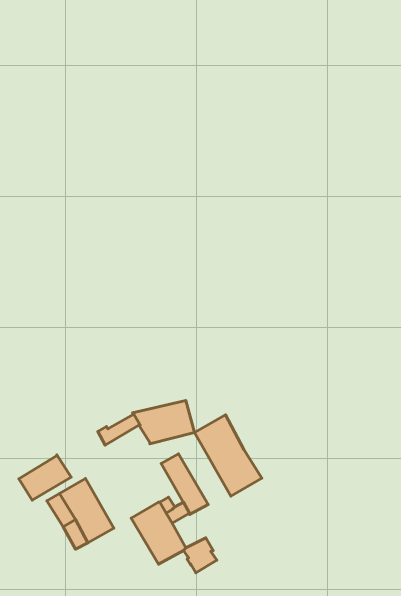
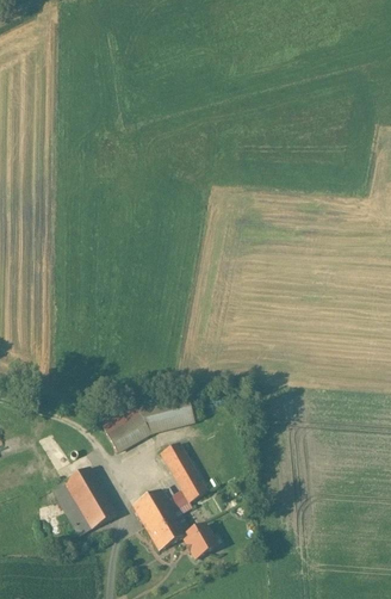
building: [195,415,262,496] -> none
building: none -> [106,416,149,452]
building: [19,455,71,500] -> none

